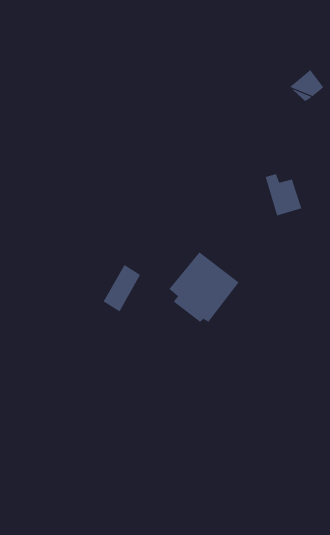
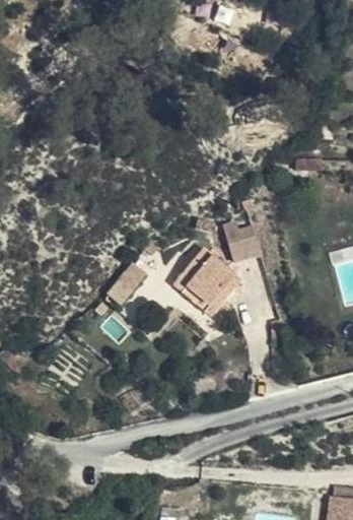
building: [265,174,302,216] -> [226,218,262,259]

